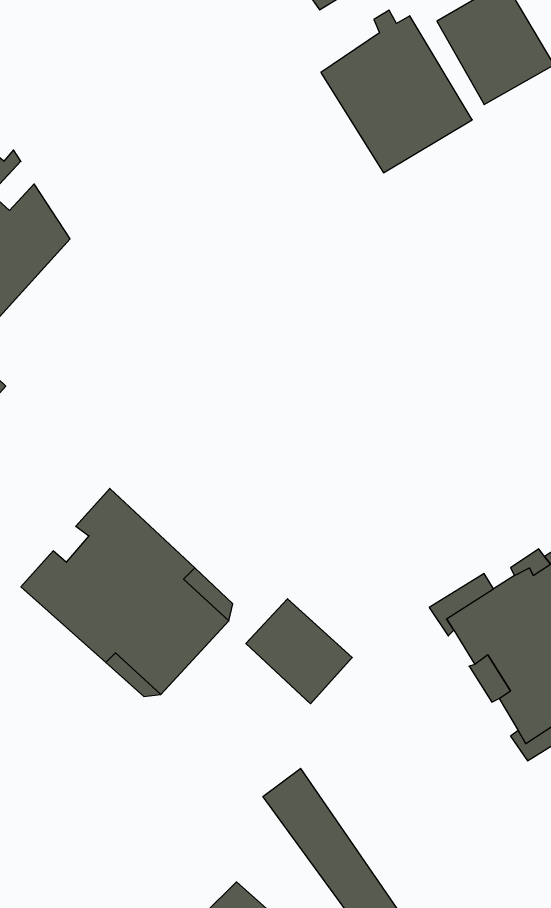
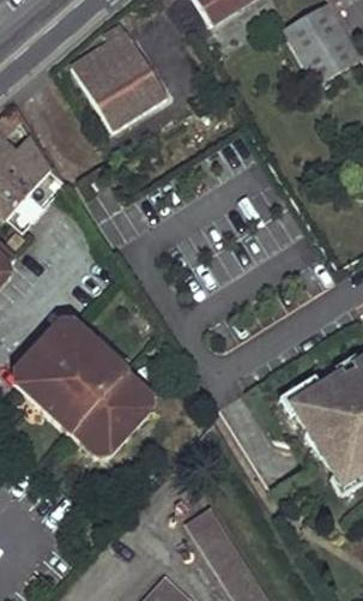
building: [321,10,472,173] -> [74,25,170,128]
building: none -> [19,319,79,386]
building: [246,599,352,704] -> none

